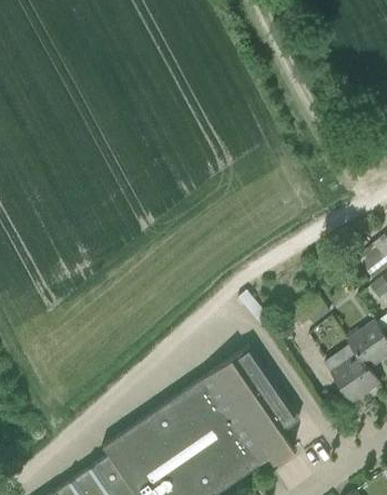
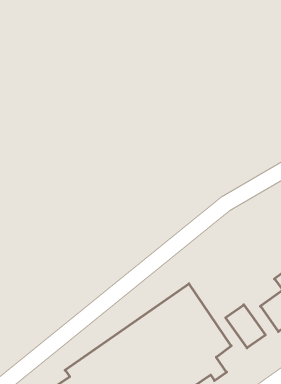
building: none -> [226,305,265,348]

